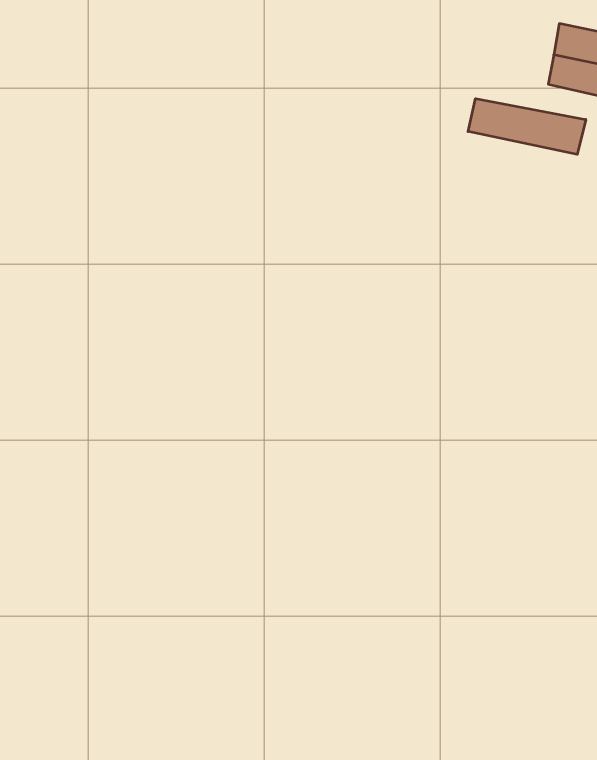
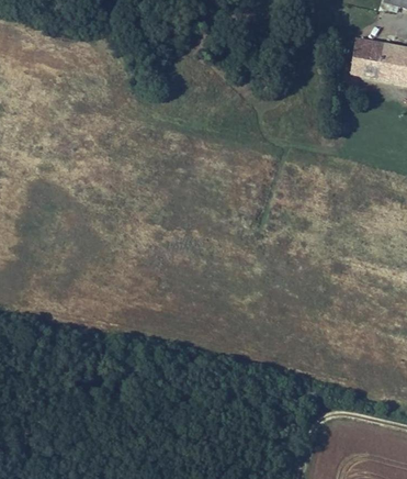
building: [468,99,586,154] -> none

